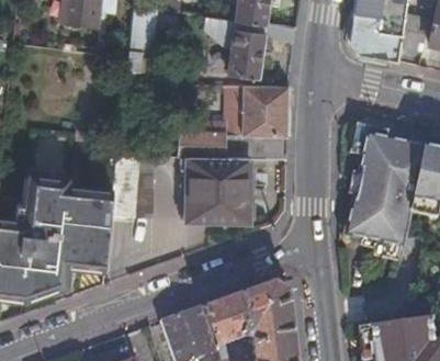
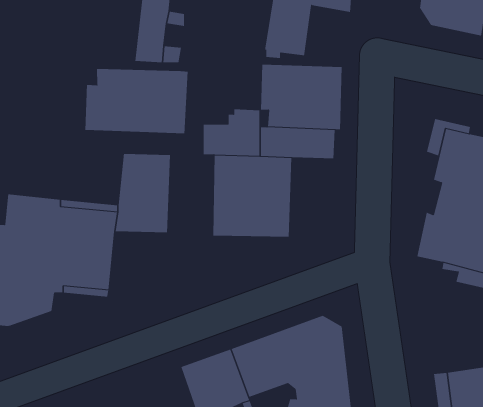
building: none -> [85,68,188,134]

